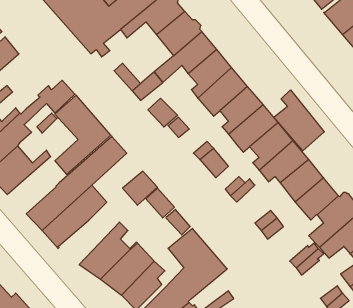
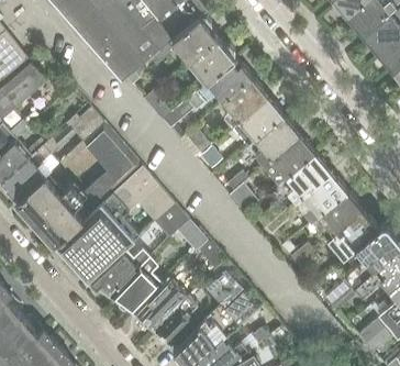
building: [274,90,324,151] -> none
building: none -> [138,185,174,220]
building: none -> [33,187,89,247]
building: none -> [86,248,149,299]

